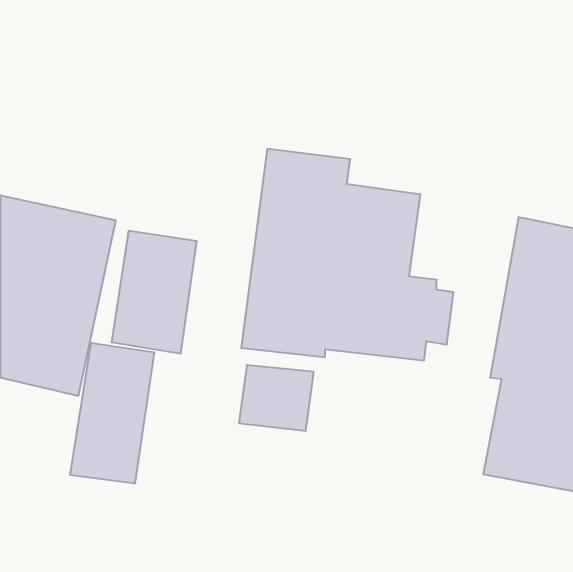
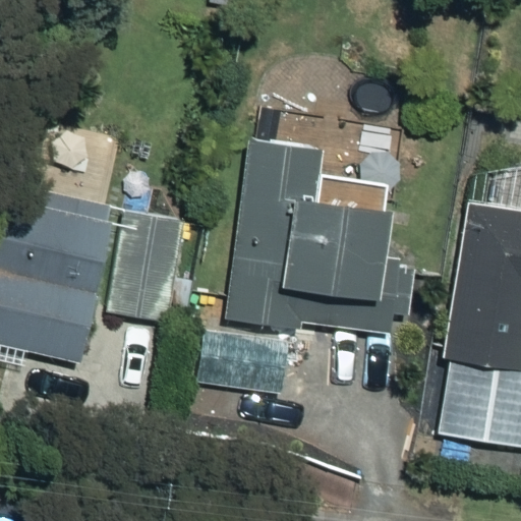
building: [70,343,154,484] -> none

